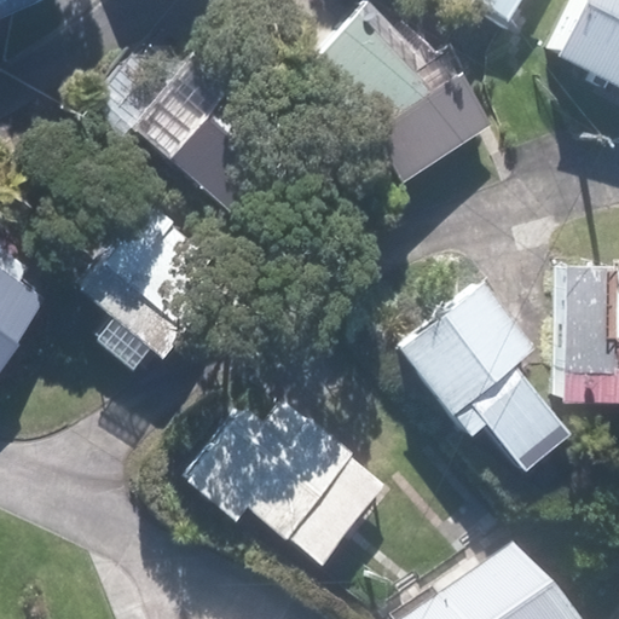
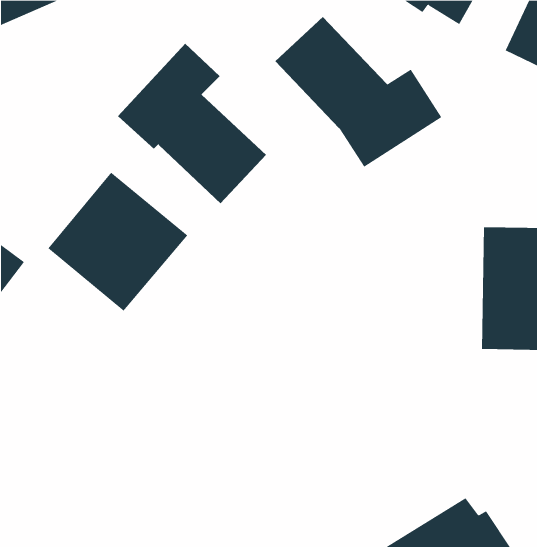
building: [387,276,560,468] -> none
building: [183,386,375,562] -> none

